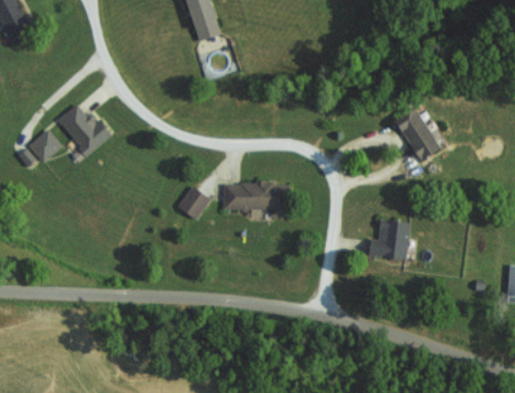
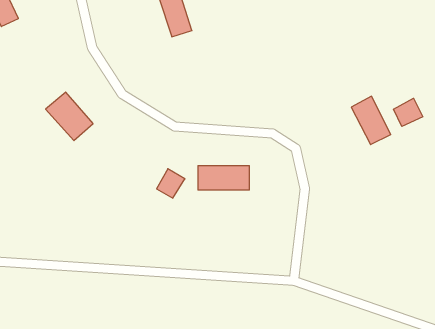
building: none -> [394,98,423,126]
building: [29,128,62,162] -> none
building: [367,221,409,260] -> none

